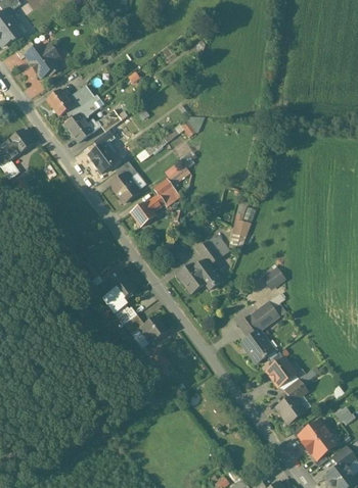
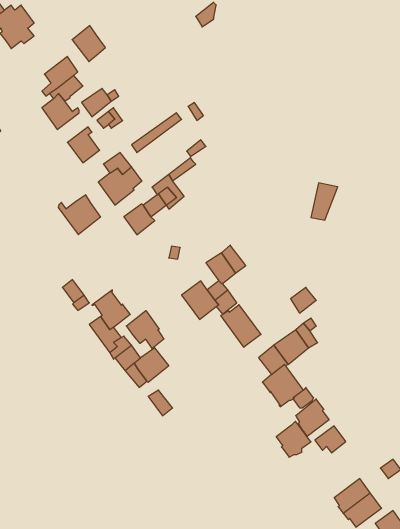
building: [46,88,73,116] -> [72,26,105,62]
building: none -> [59,195,100,235]
building: [229,218,251,248] -> [311,183,338,220]
building: none -> [221,305,261,347]
building: none -> [126,311,164,348]
building: [277,394,305,423] -> [276,421,311,457]

